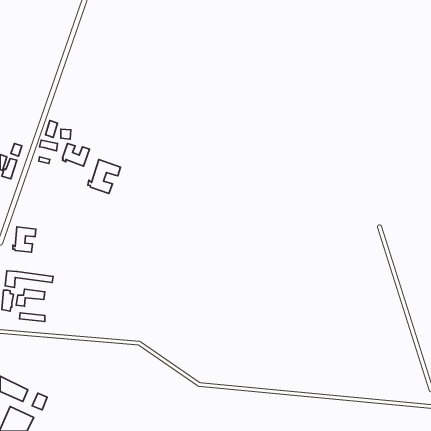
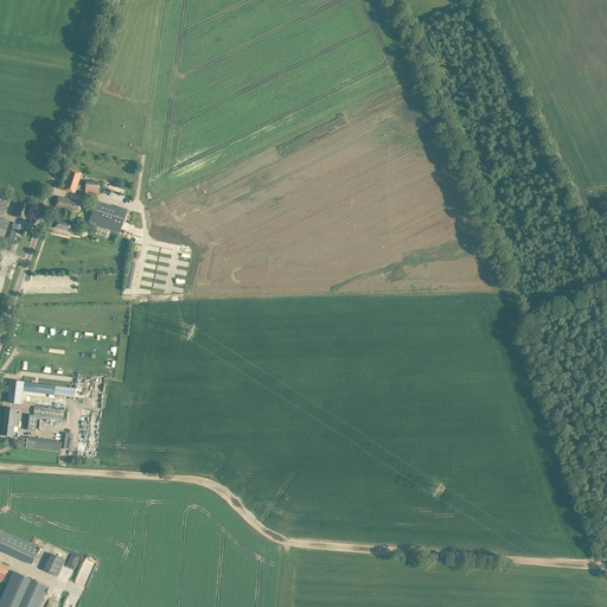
building: [88,159,121,193] -> none
building: [13,227,36,252] -> none

